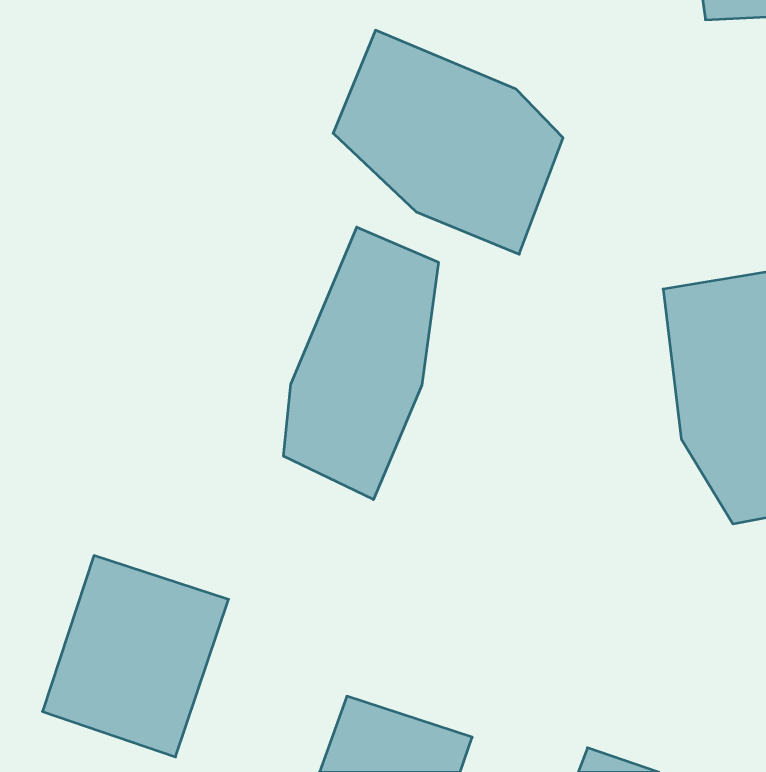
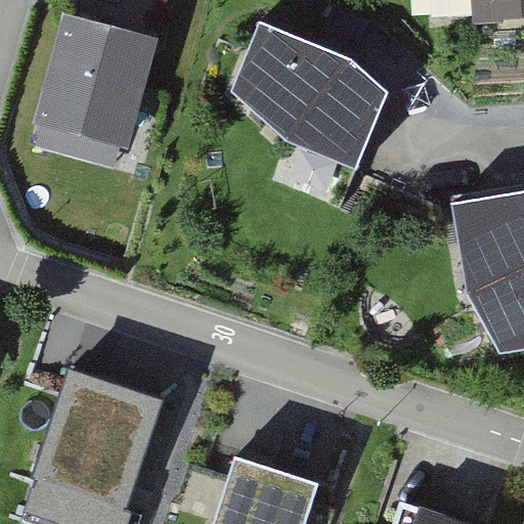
building: none -> [44,24,151,146]
building: [284,227,438,500] -> none

